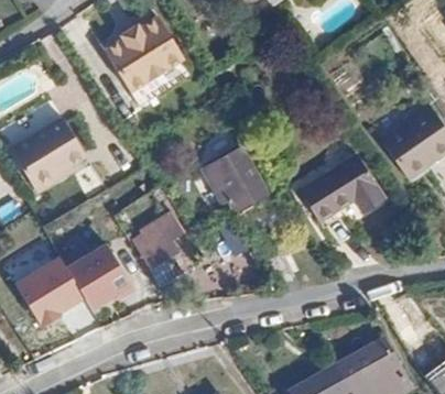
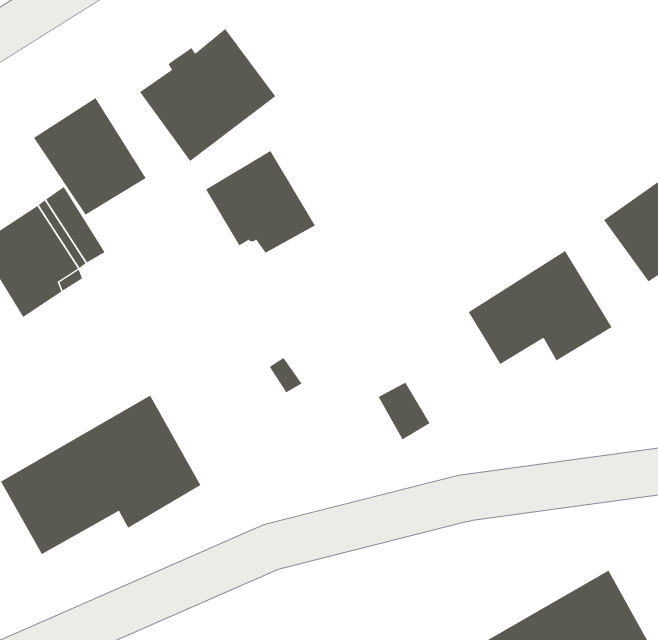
building: none -> [33,97,147,216]
building: [200,146,265,207] -> [205,150,316,254]
building: [131,212,183,267] -> none

